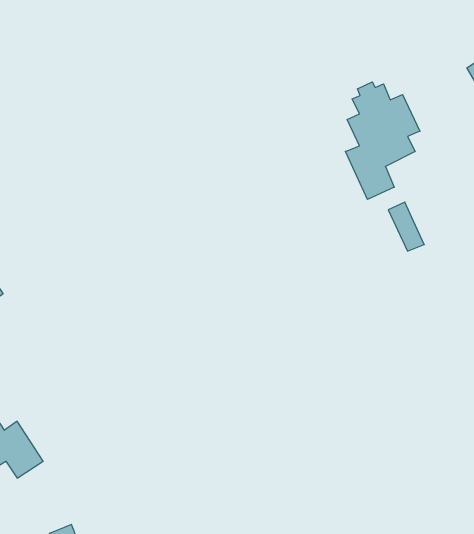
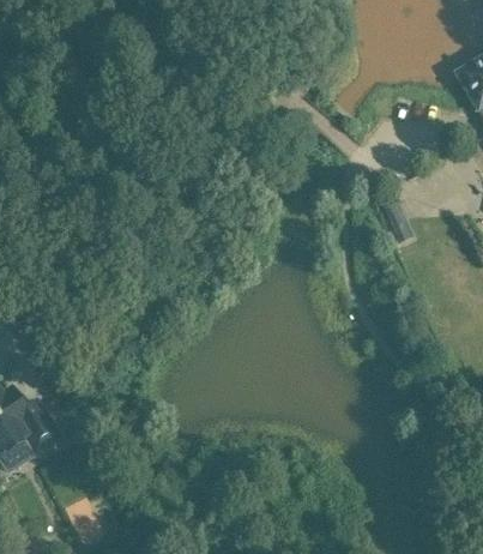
building: [345,82,420,199] -> none

